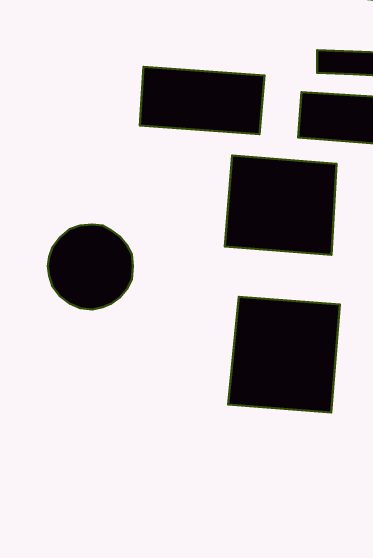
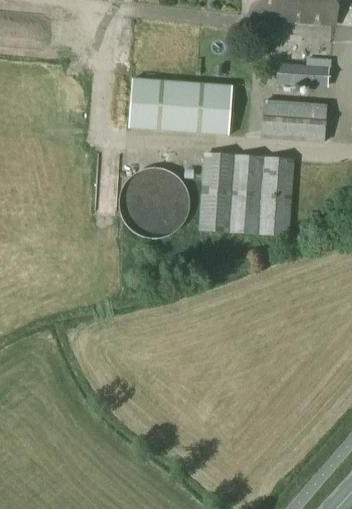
building: [48,224,133,309] -> [117,166,188,237]
building: [228,297,340,412] -> none

